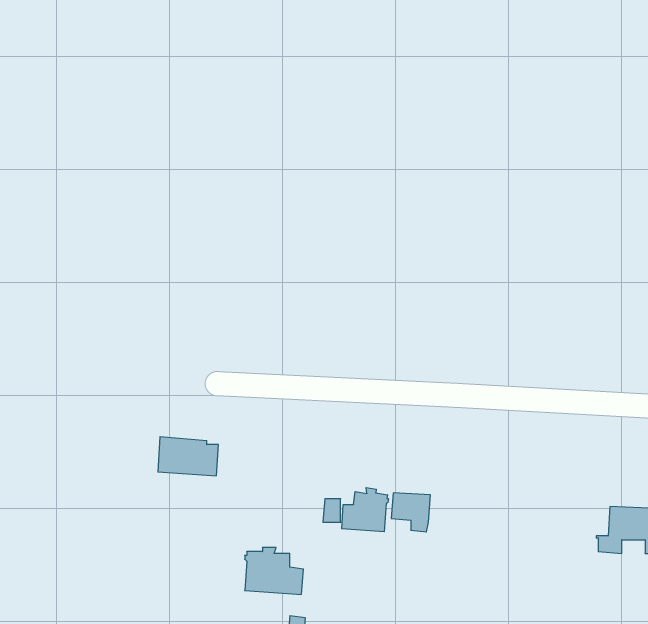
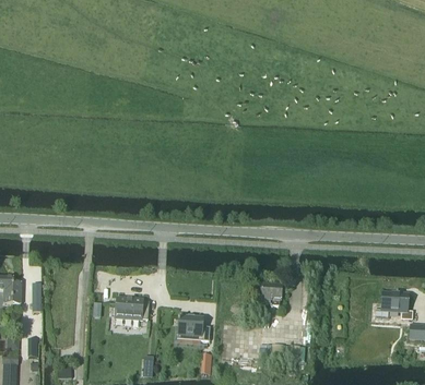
building: [158,437,218,476] -> [115,298,149,320]
building: [342,488,388,532] -> none

